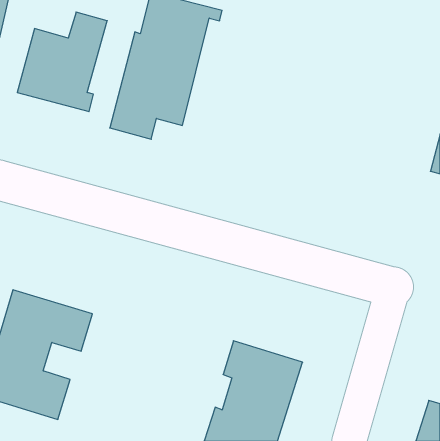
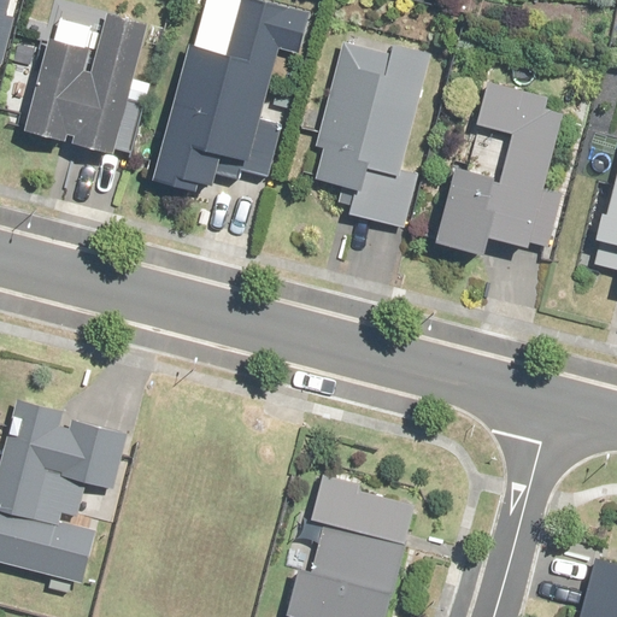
building: none -> [308,33,430,227]
building: none -> [437,84,566,254]

